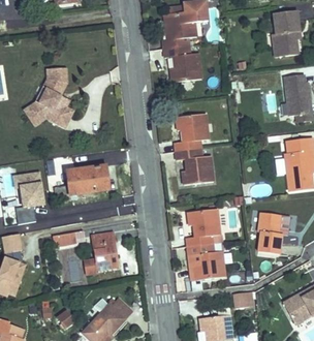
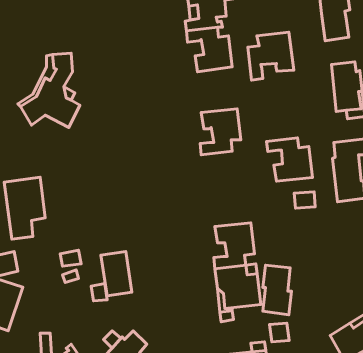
building: none -> [248,32,294,80]
building: [176,148,214,184] -> [267,138,312,181]
building: [55,164,107,199] -> none
building: [258,212,282,253] -> [263,265,291,315]

